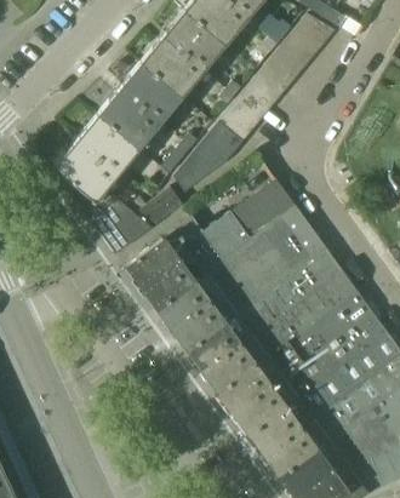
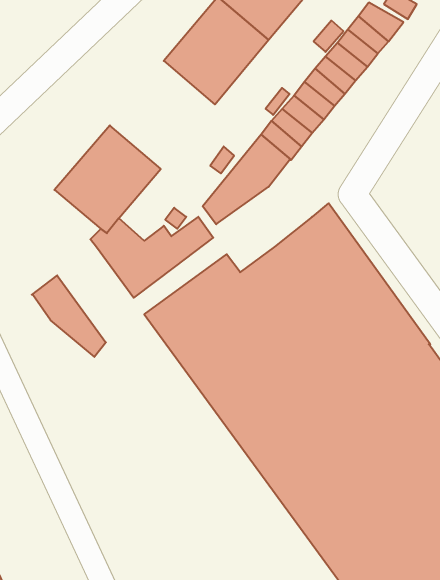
building: [97,62,182,149] -> none
building: none -> [32,275,106,357]

